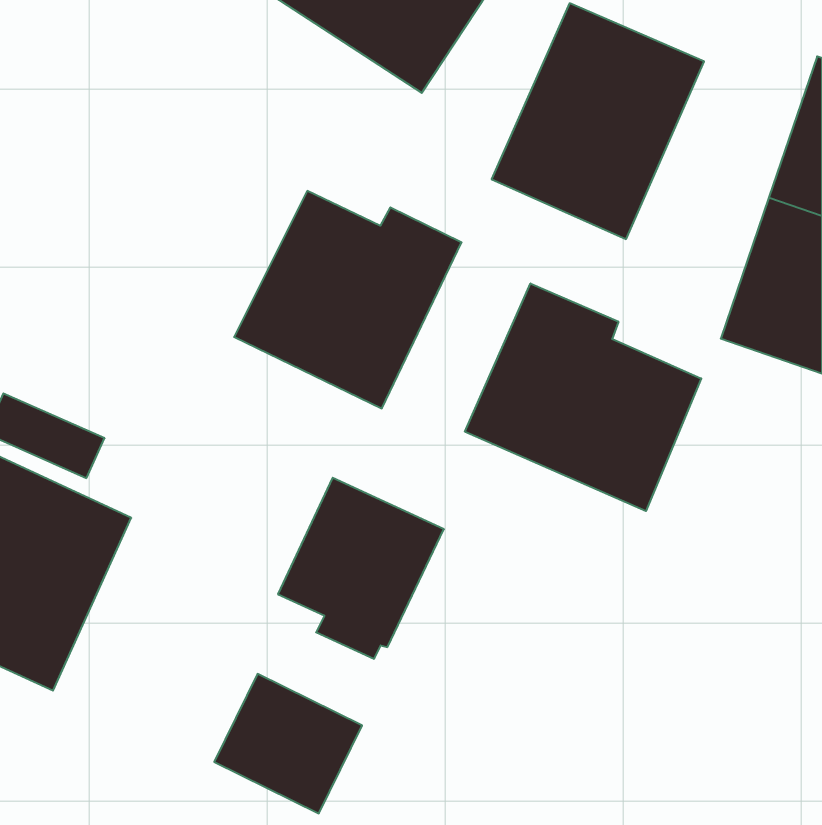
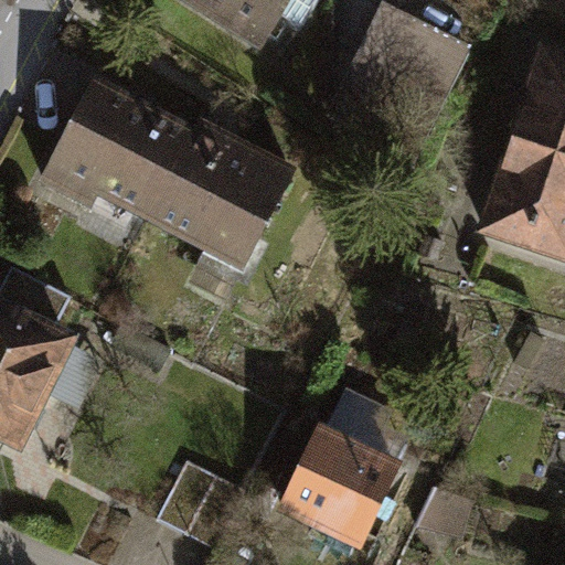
building: none -> [52,79,204,224]
building: [465,283,701,511] -> none
building: [278,478,444,659] -> [269,417,380,537]

